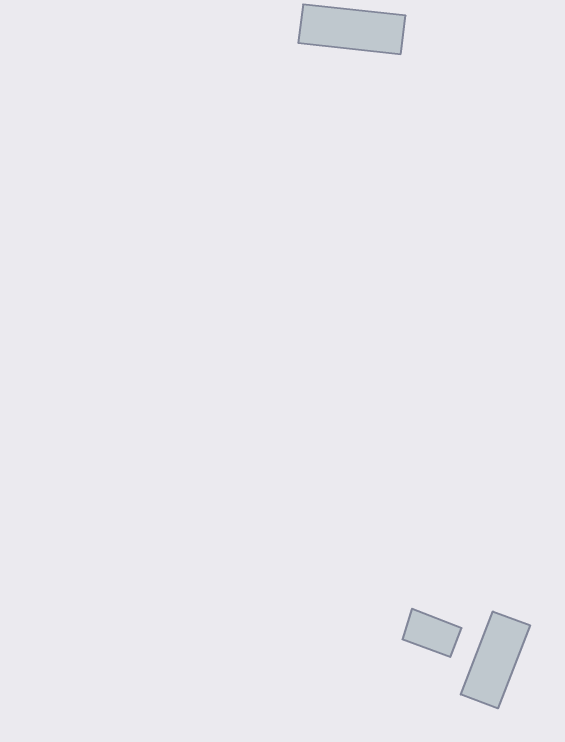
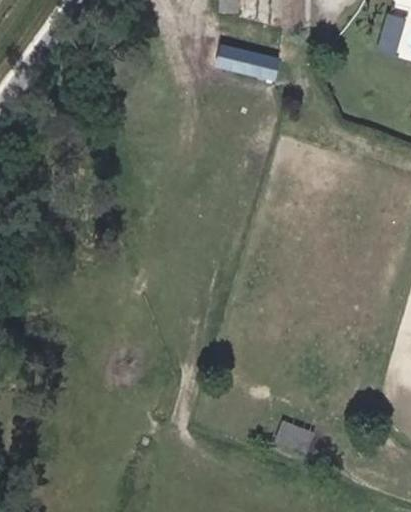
building: [461,611,530,708] -> none

